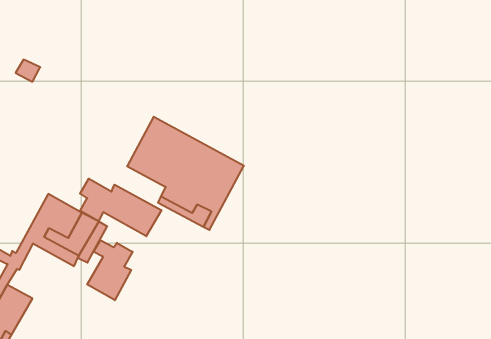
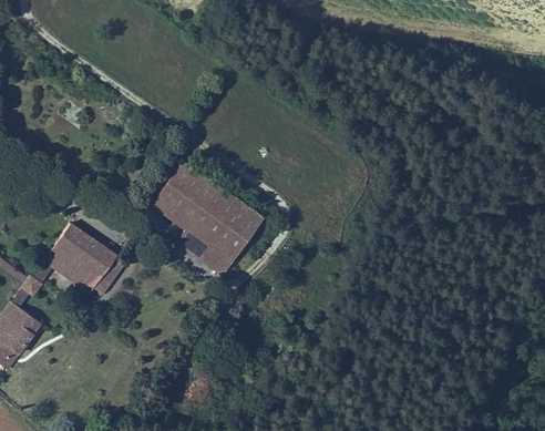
building: [80,179,161,236] -> none
building: [87,240,133,300] -> none

